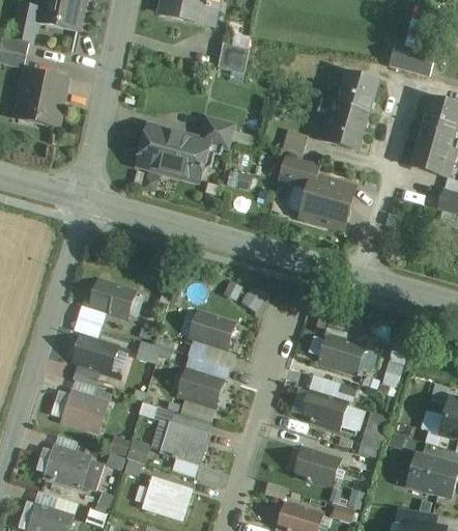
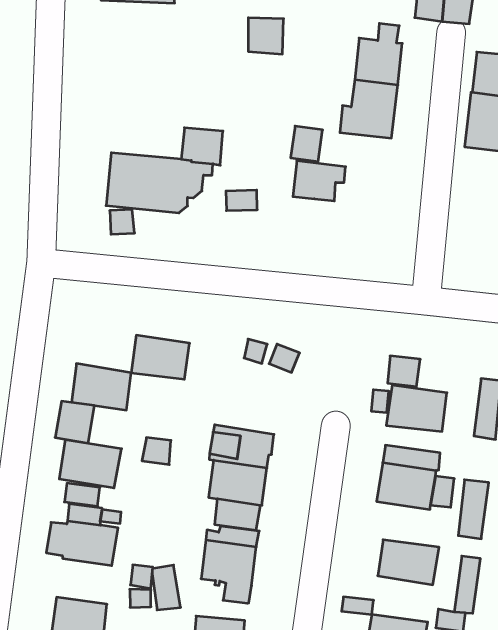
building: [218,44,248,75] -> [248,18,284,54]
building: [287,176,354,228] -> none
building: [189,309,235,347] -> [131,335,190,379]

